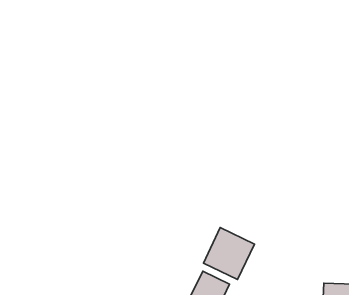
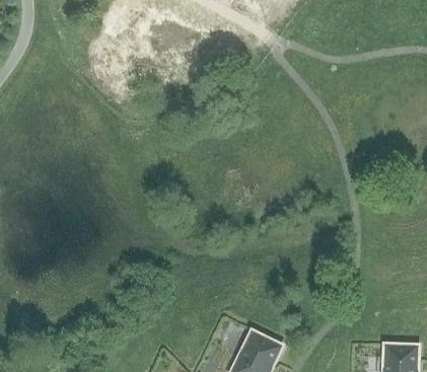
building: [203,228,254,280] -> none

